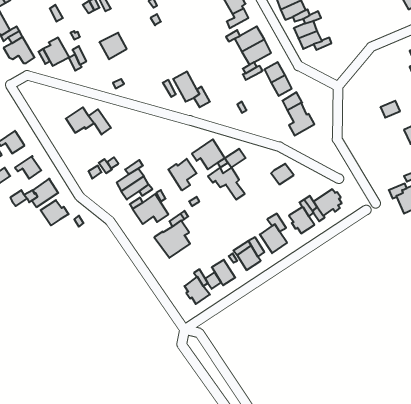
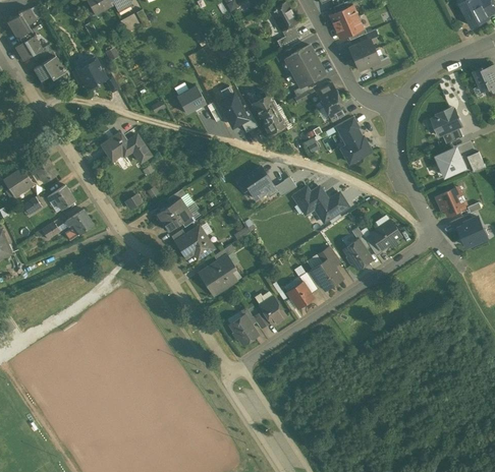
building: [99,33,127,59] -> [176,85,206,114]
building: none -> [250,93,285,134]
building: none -> [433,108,462,134]
building: none -> [437,146,465,176]
building: [168,159,197,190] -> none
building: none -> [437,188,466,216]
building: [208,168,245,200] -> [293,187,333,222]
building: [41,200,69,225] -> none

